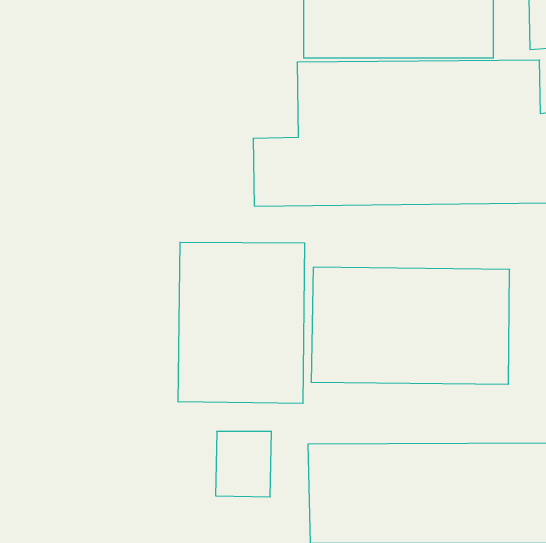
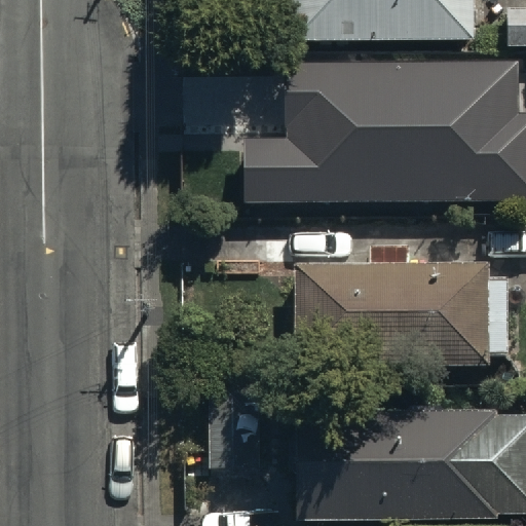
building: [178,242,305,403] -> none

